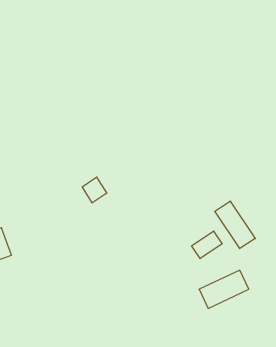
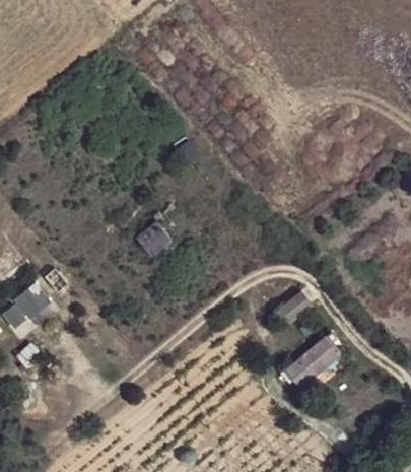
building: [215,201,255,249] -> none

